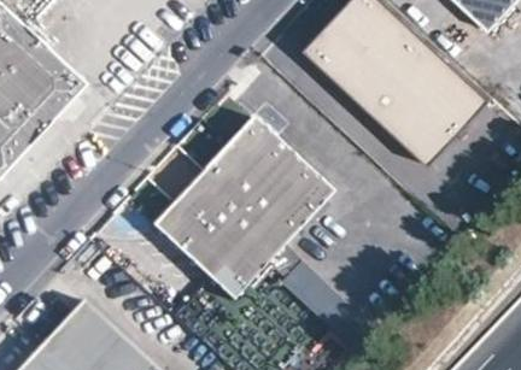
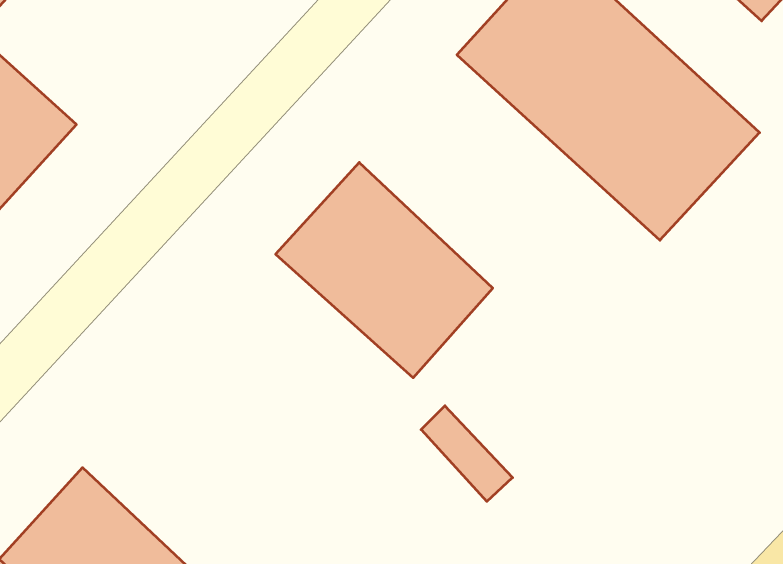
building: [147,171,281,299] -> none

